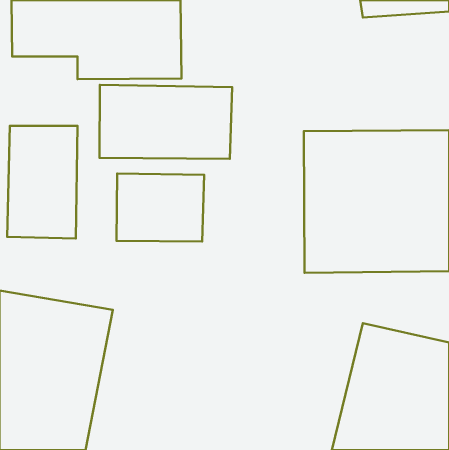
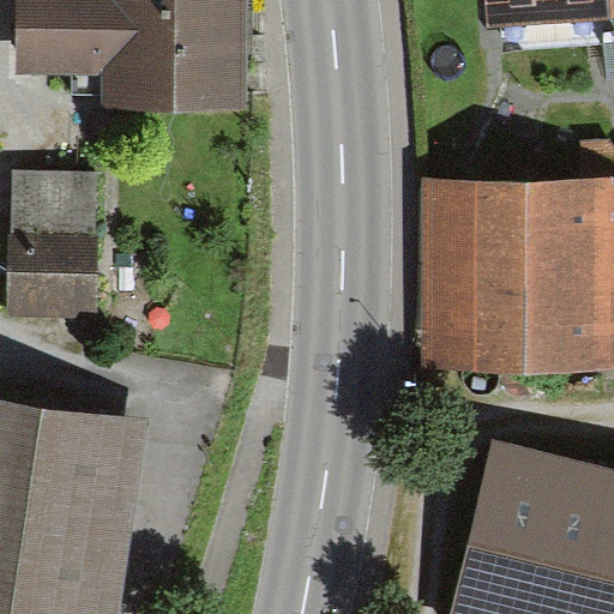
building: [100,85,232,159] -> none
building: [117,173,204,241] -> none

